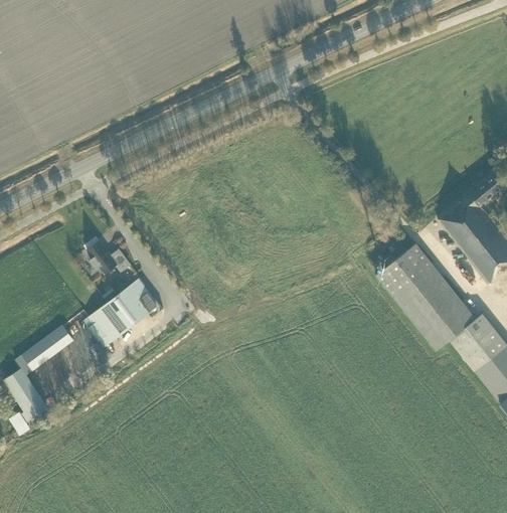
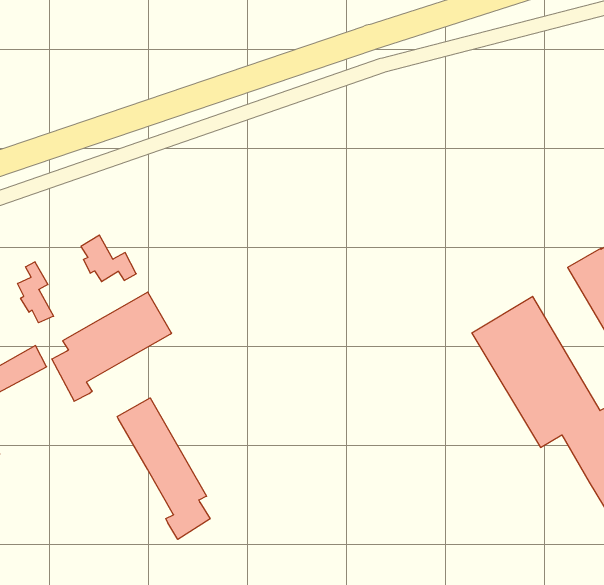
building: none -> [18,262,54,323]
building: none -> [117,398,210,539]

